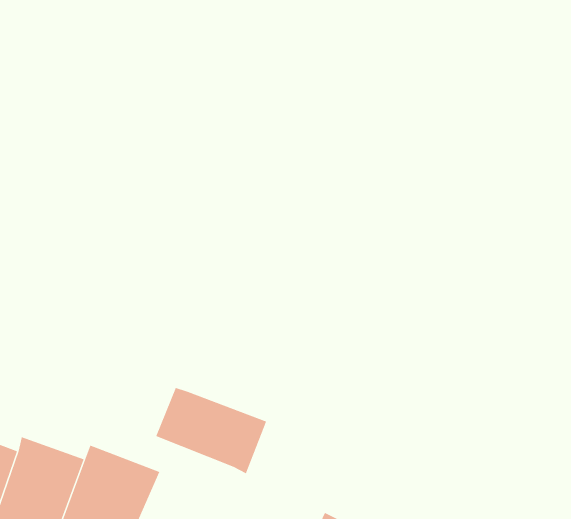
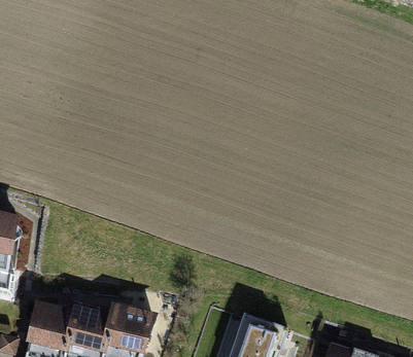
building: [155,387,267,474] -> none

